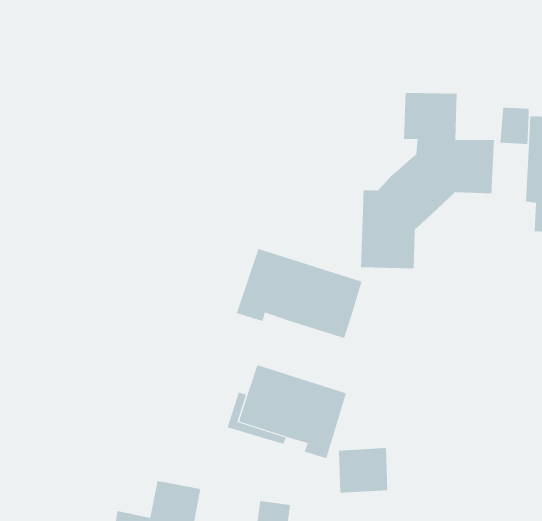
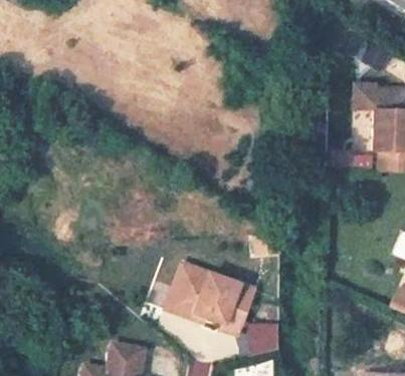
building: [360,92,495,269] -> none
building: [236,248,362,339] -> none

